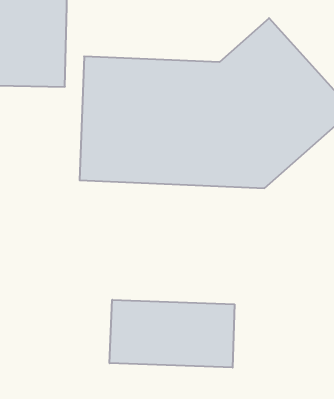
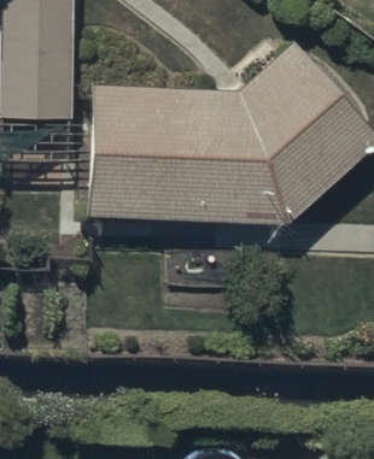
building: [110,300,234,368] -> none

